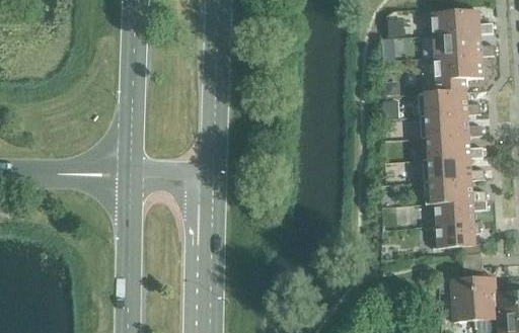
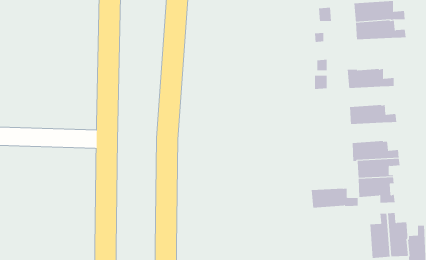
building: [432,55,481,93] -> none
building: [423,113,480,138] -> none
building: [425,157,483,181] -> [311,188,359,208]

